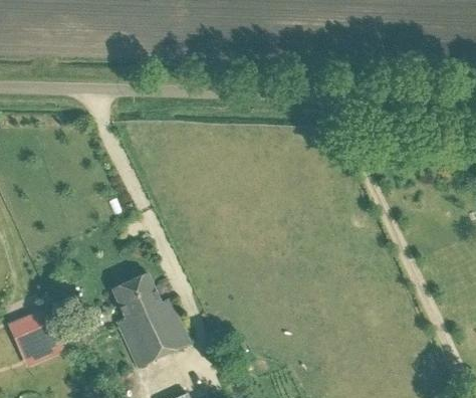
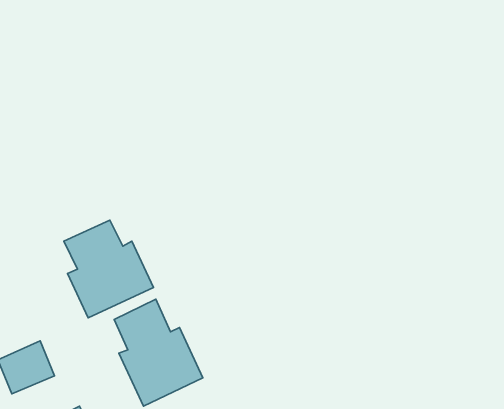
building: none -> [64,220,154,318]

